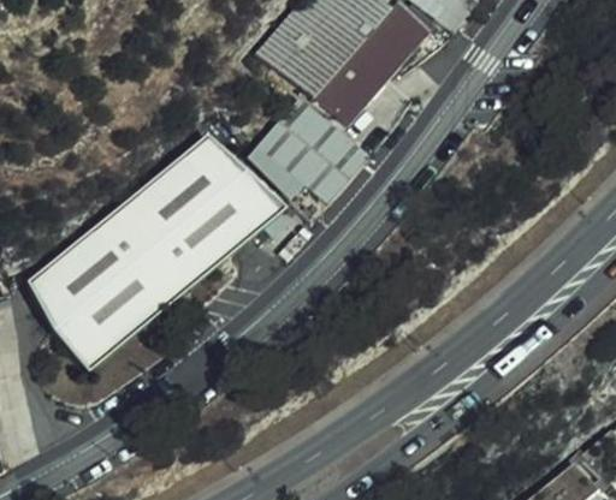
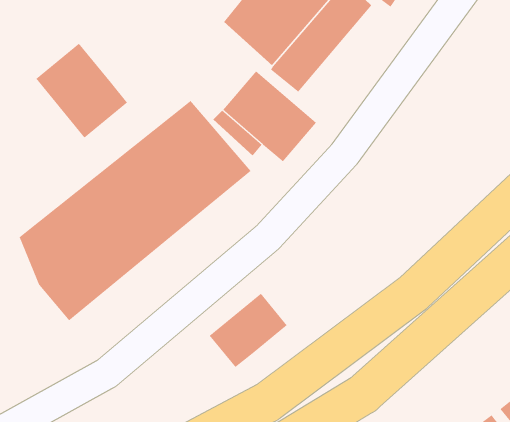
building: none -> [36,43,128,138]
building: none -> [209,293,287,368]

